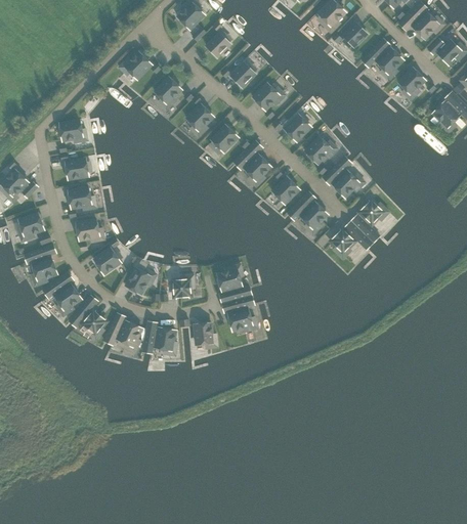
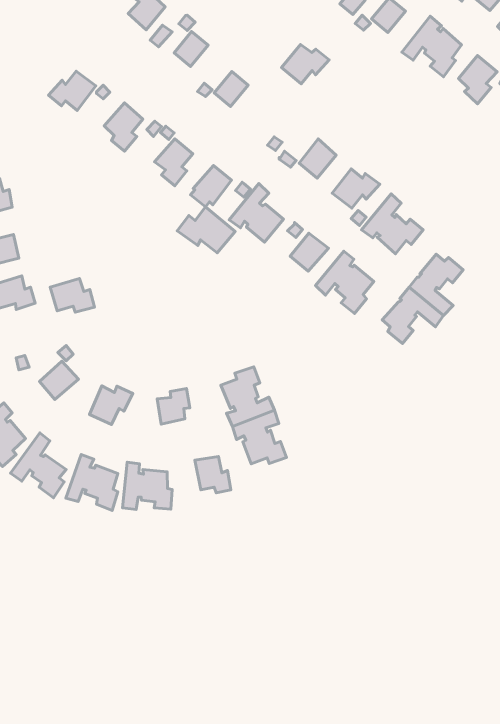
building: [253,84,286,111] -> [282,45,329,84]
building: none -> [177,207,235,253]
building: [76,220,104,243] -> [50,278,94,312]

